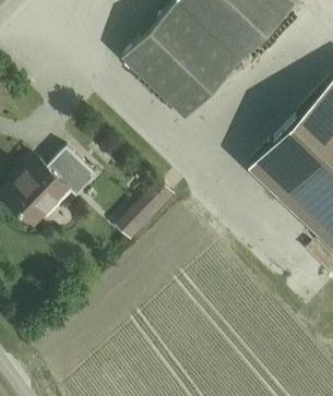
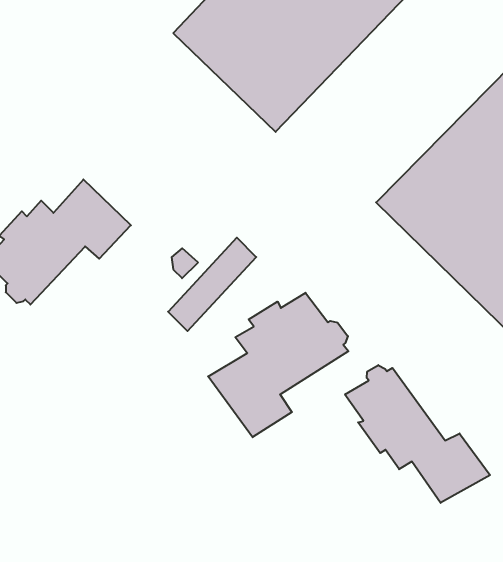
building: none -> [208,293,348,437]
building: none -> [345,365,490,503]

